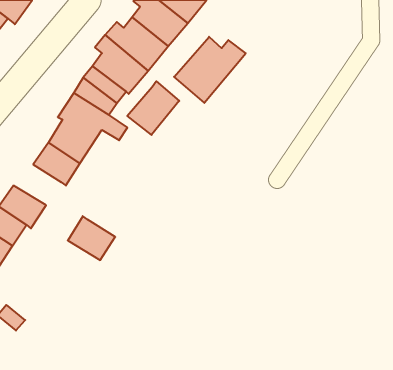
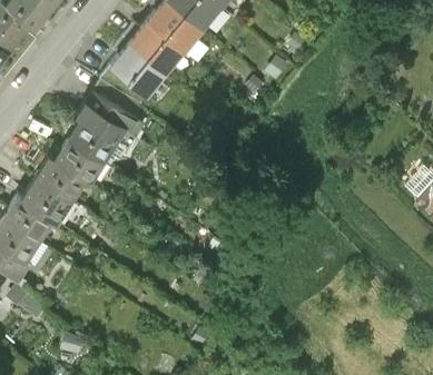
building: [174,37,246,103] -> none
building: [127,81,179,135] -> none
building: [68,216,115,260] -> [37,160,82,203]

